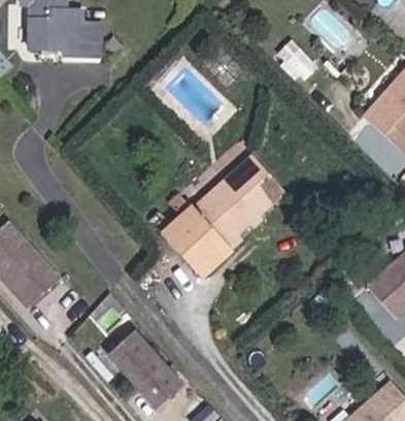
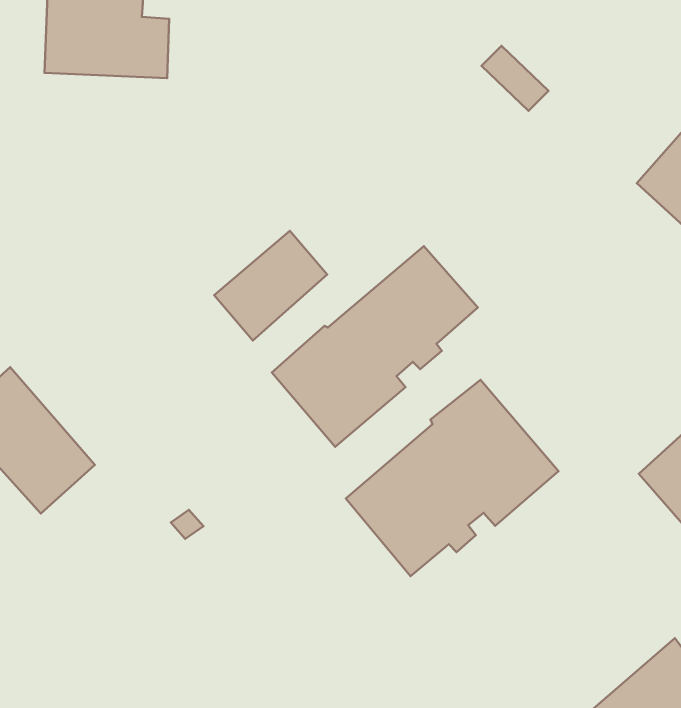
building: none -> [214,231,327,340]
building: none -> [346,380,559,576]
building: [107,334,180,410] -> none

